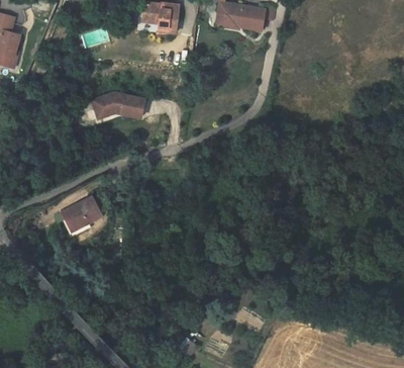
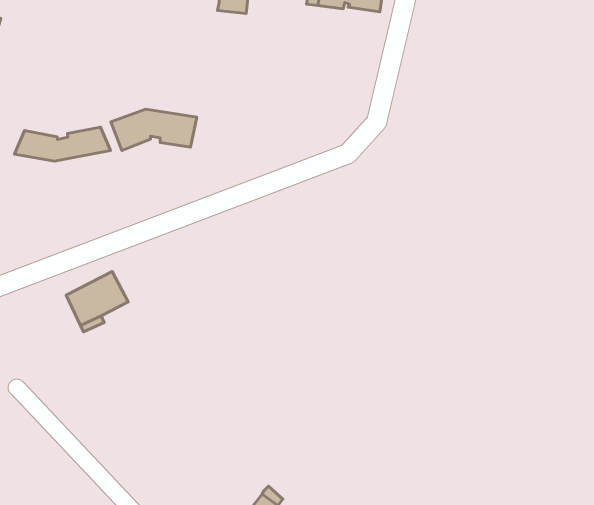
building: none -> [15,127,110,161]

